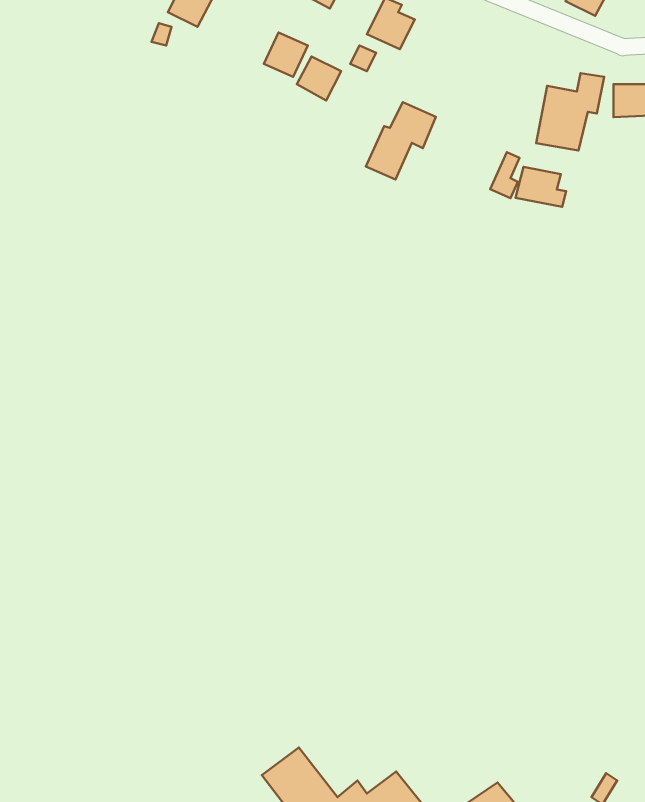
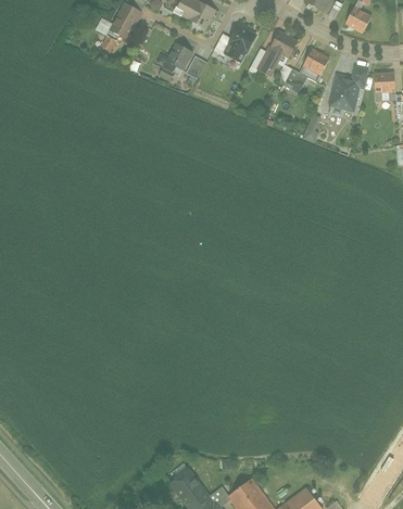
building: none -> [298,48,329,82]
building: [366,102,436,180] -> [255,31,297,77]
building: [515,167,566,207] -> none

